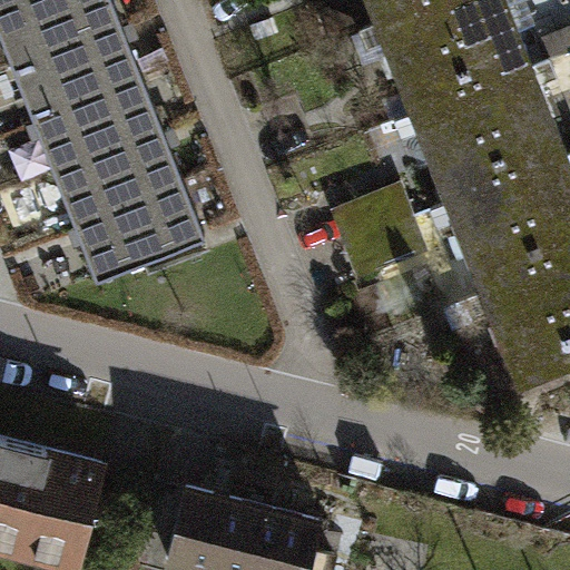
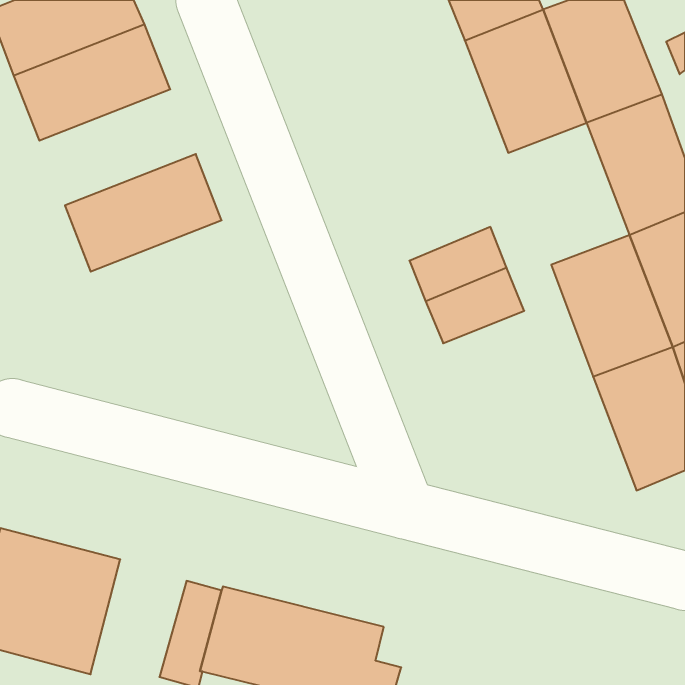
building: [32,78,161,174] -> none
building: [419,106,519,223] -> none
building: [75,186,204,281] -> none

